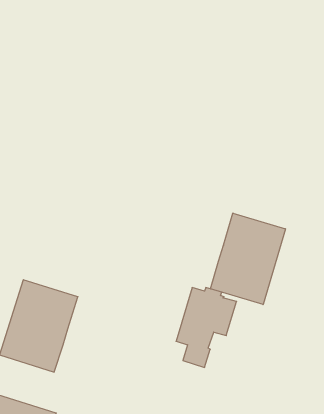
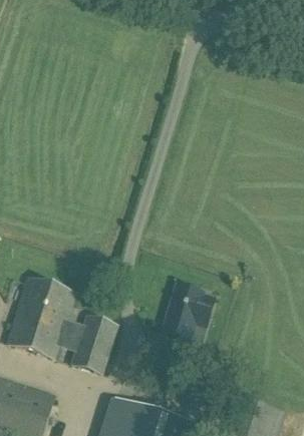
building: [211,213,285,305] -> none
building: none -> [63,315,117,373]

